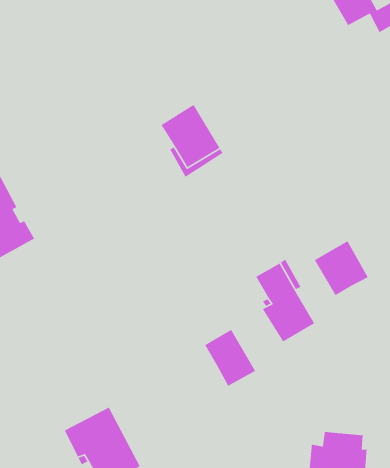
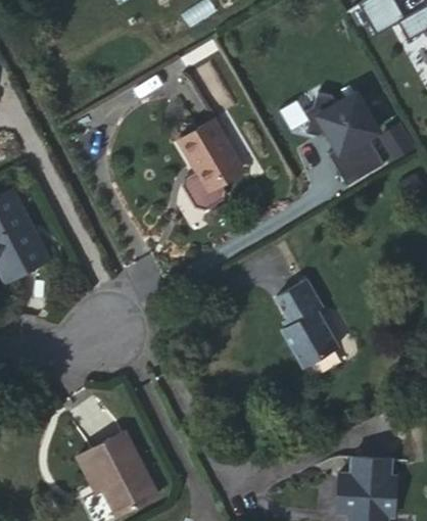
building: none -> [303,92,384,186]
building: [314,240,369,296] -> none
building: [204,329,256,387] -> none

